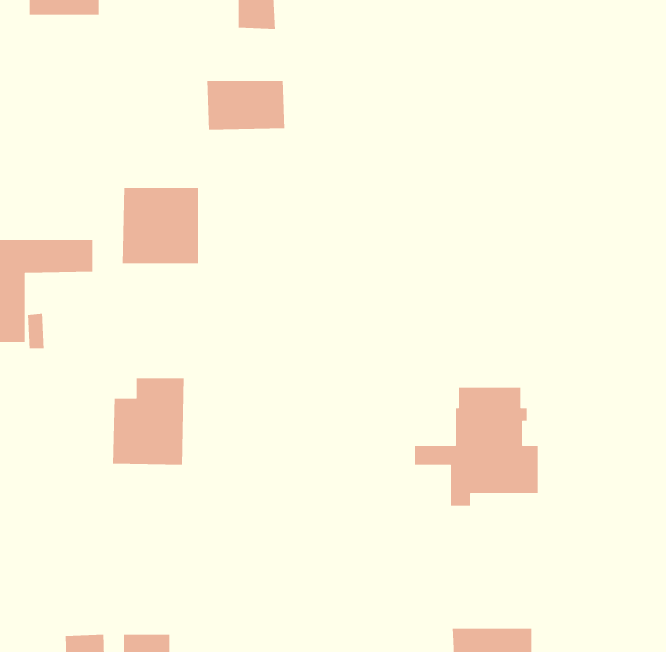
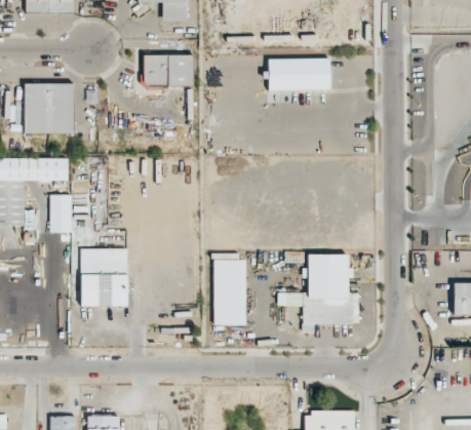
building: none -> [268,58,329,90]
building: [122,187,199,264] -> [24,83,74,133]
building: none -> [49,194,72,232]
building: none -> [213,260,246,324]

